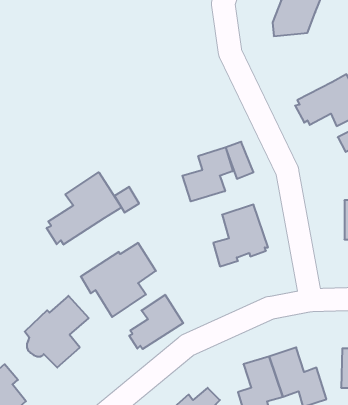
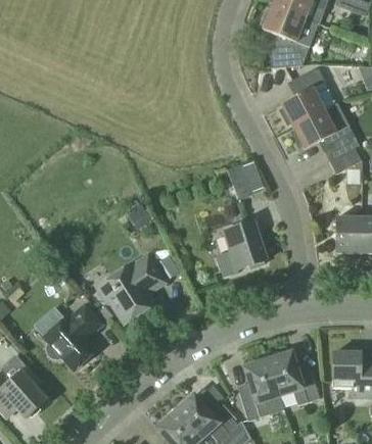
building: none -> [280,68,326,126]
building: [182,147,233,201] -> none
building: [47,172,121,245] -> none
building: [129,295,183,349] -> none

